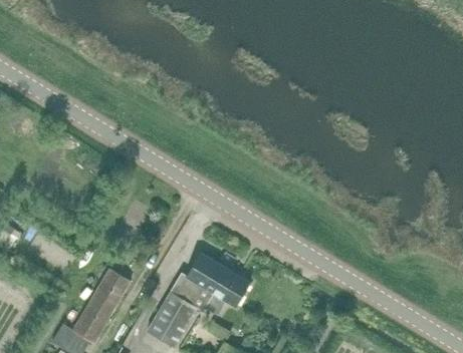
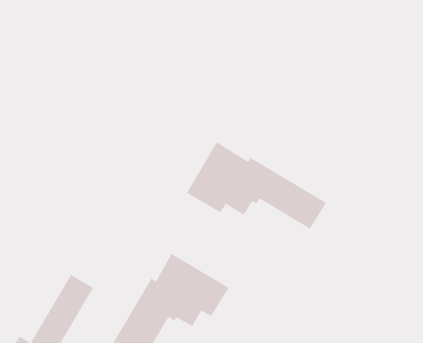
building: none -> [186,142,327,229]

